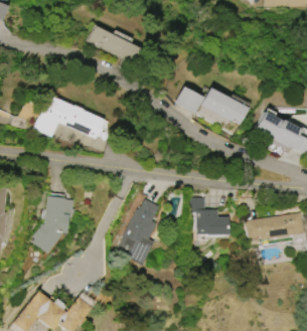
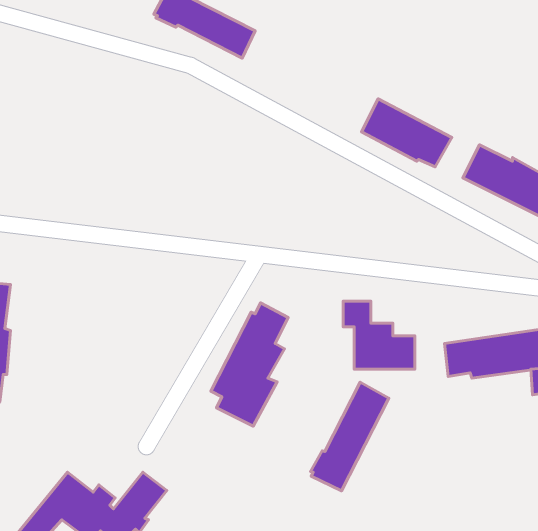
building: [174,86,203,113] -> none
building: [34,95,104,138] -> none
building: [32,195,73,254] -> none
building: none -> [310,382,389,491]

